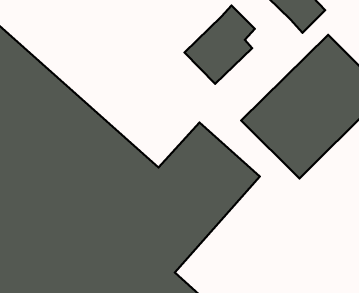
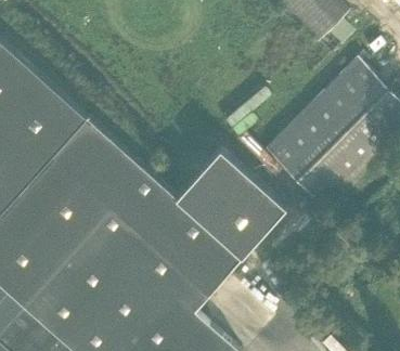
building: [185,6,255,84] -> none

